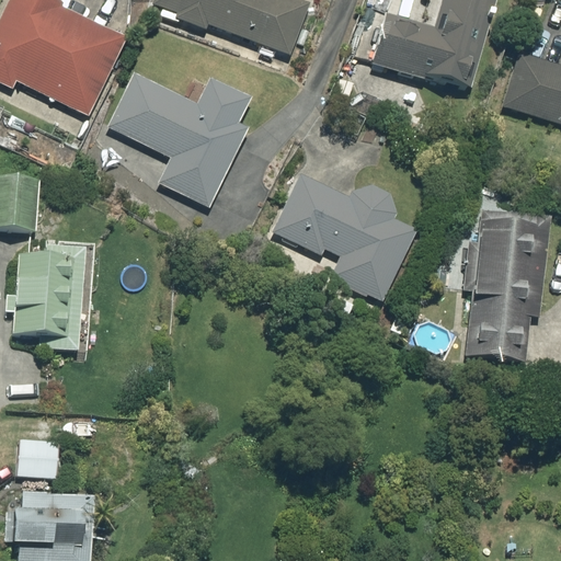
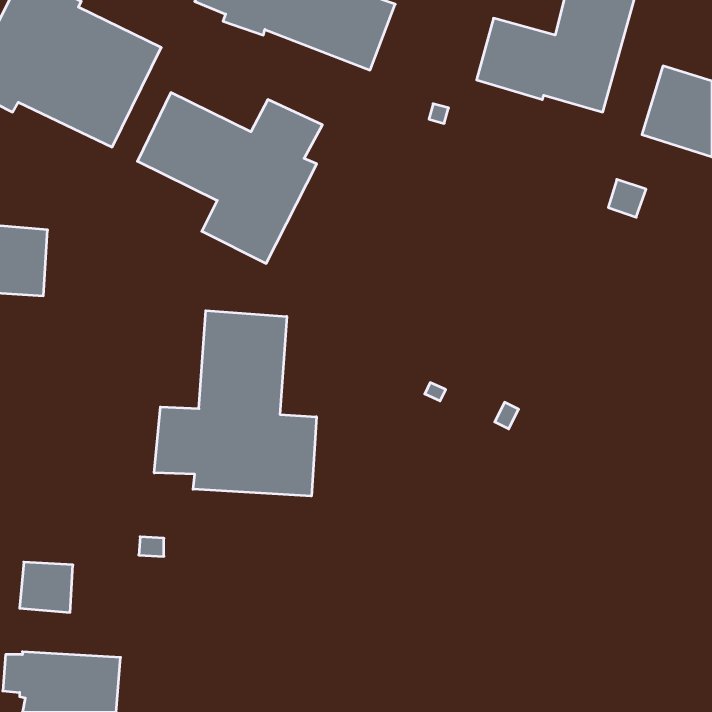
building: [271,173,416,300] -> none
building: [465,209,550,360] -> none
building: none -> [154,311,316,496]
building: [5,245,85,352] -> none

